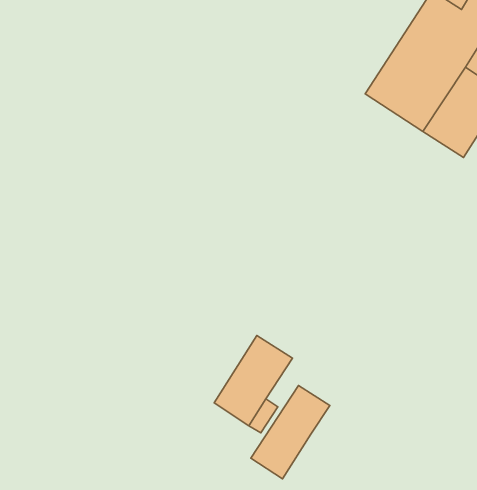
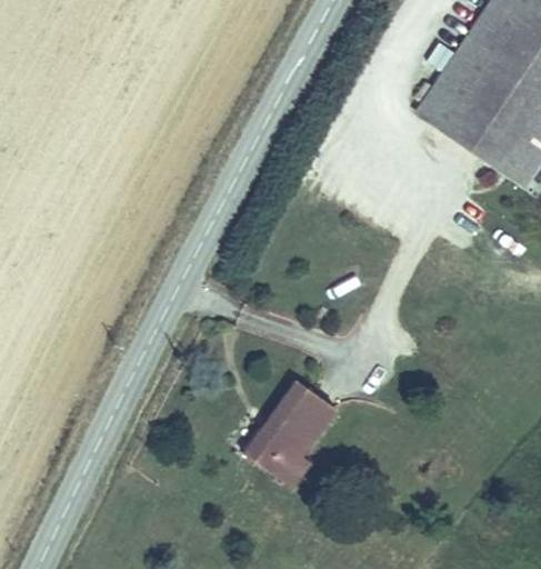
building: [251,386,330,479] -> none

